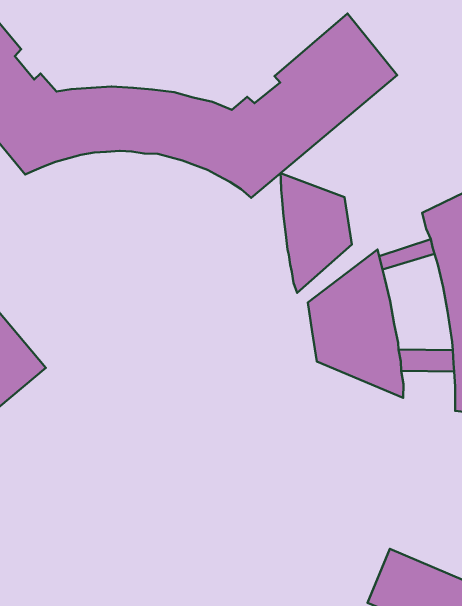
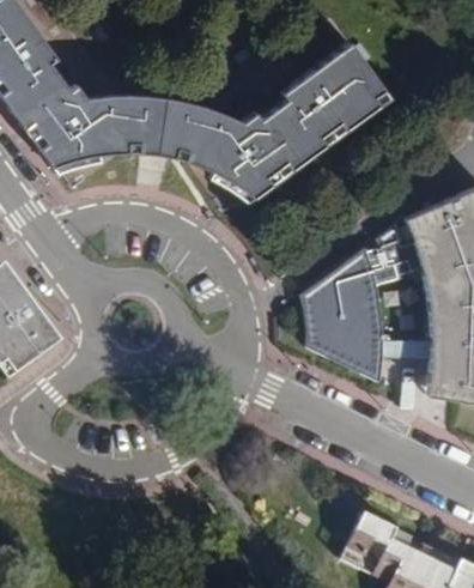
building: [280,173,352,293] -> none

